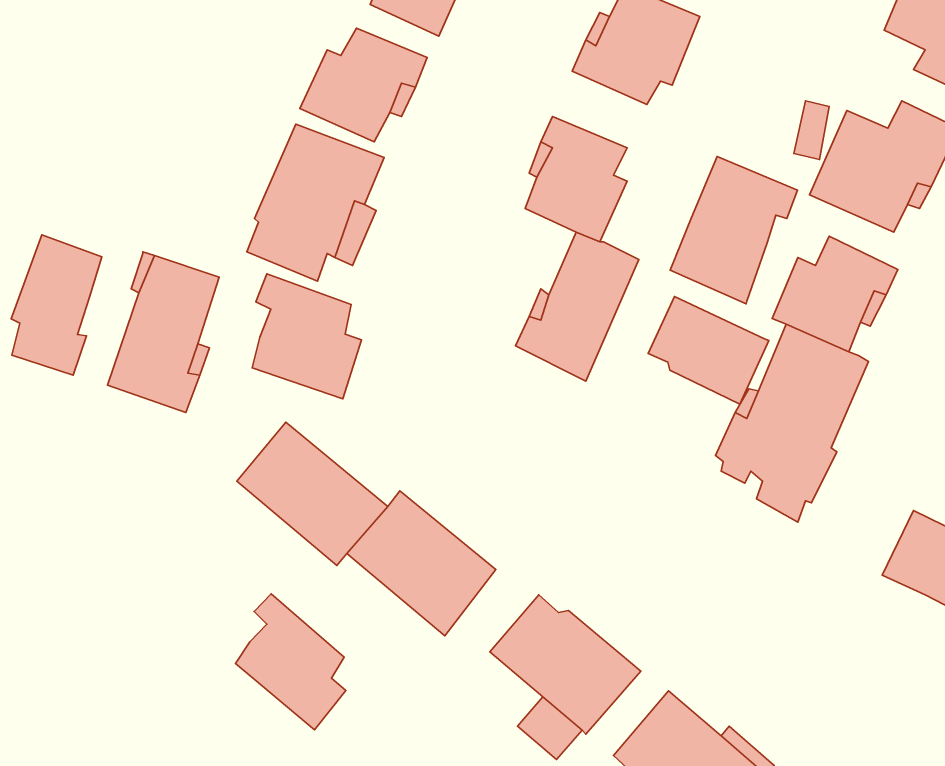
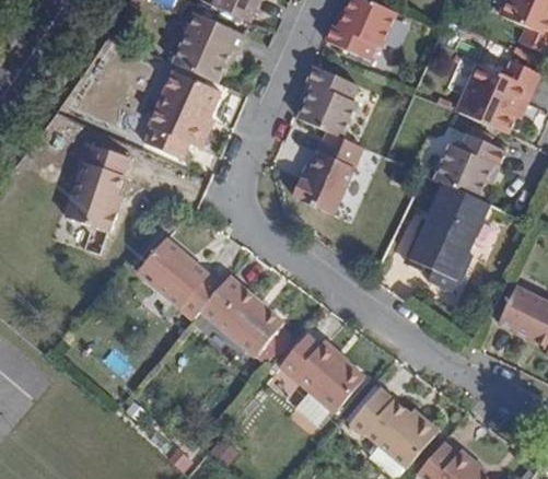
building: [670,156,797,304] -> none
building: [11,235,102,375] -> none
building: [252,274,362,399] -> none
building: [648,297,769,404] -> none
building: [236,594,346,730] -> none

